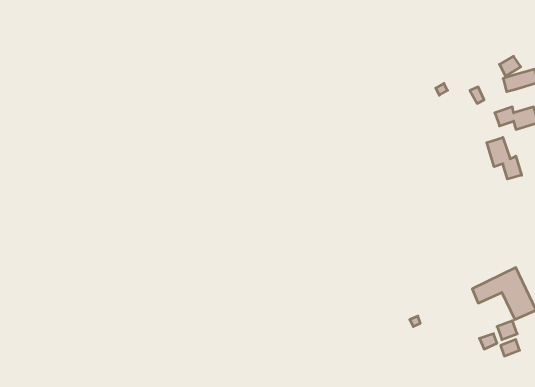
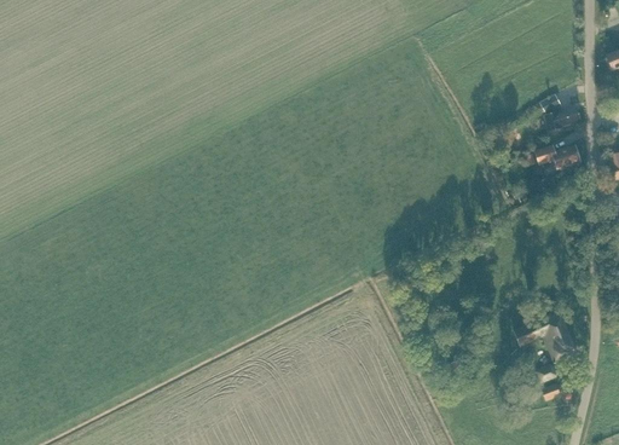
building: [487,137,522,179] -> none

